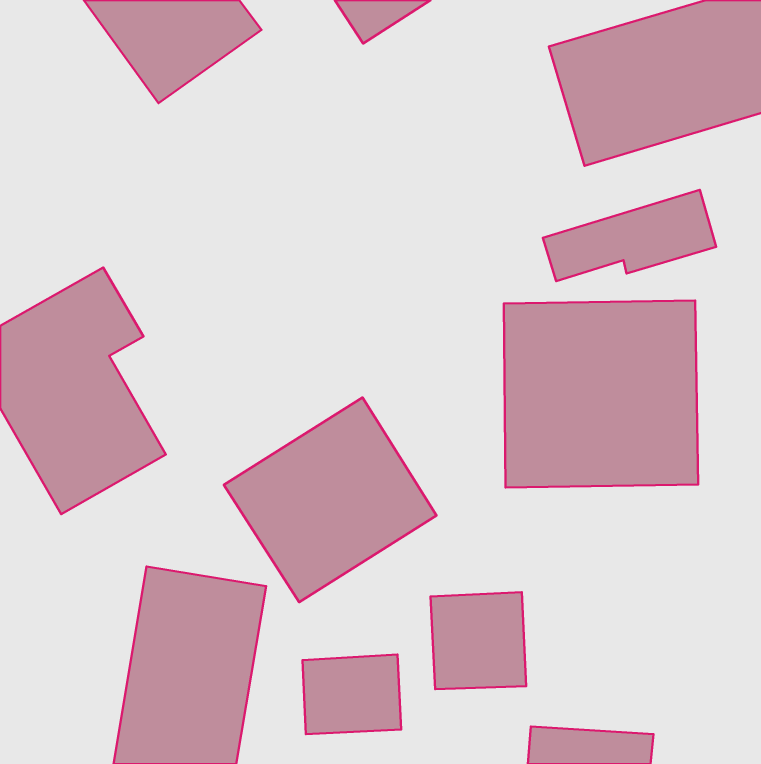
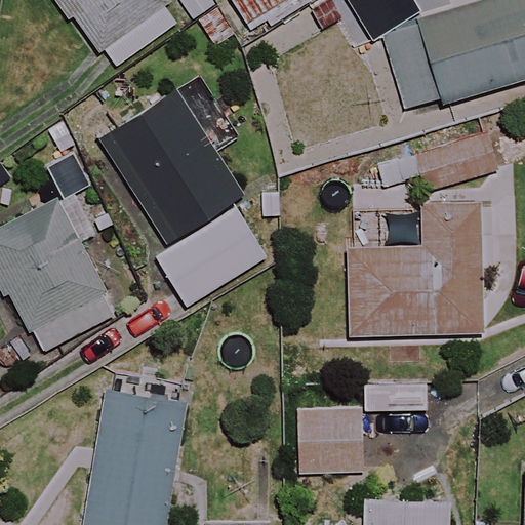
building: none -> [100,88,268,312]
building: [224,397,437,602] -> none
building: [302,654,401,734] -> none

